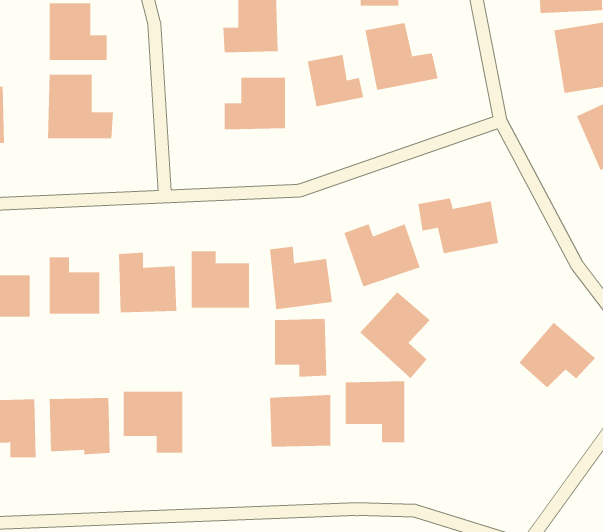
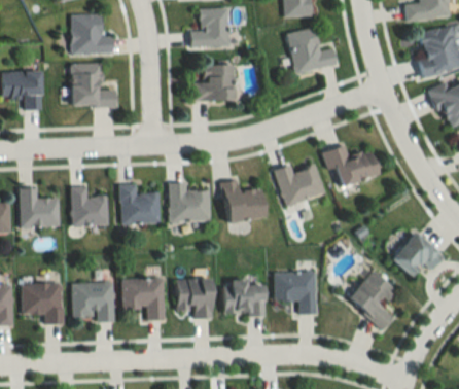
building: [307,54,364,107] -> none
building: [359,292,430,379] -> [348,271,396,330]
building: [274,318,327,377] -> [176,279,212,319]

